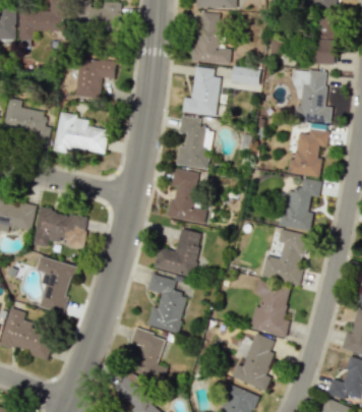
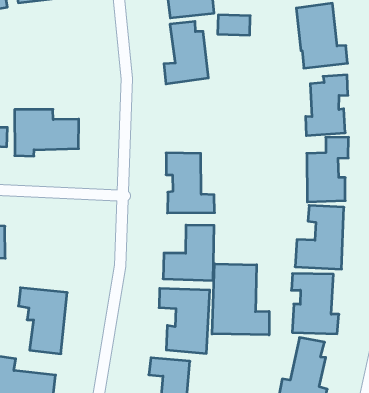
building: [76,59,116,97] -> none
building: [176,116,212,170] -> none
building: [34,210,87,247] -> none
building: none -> [212,264,269,335]

